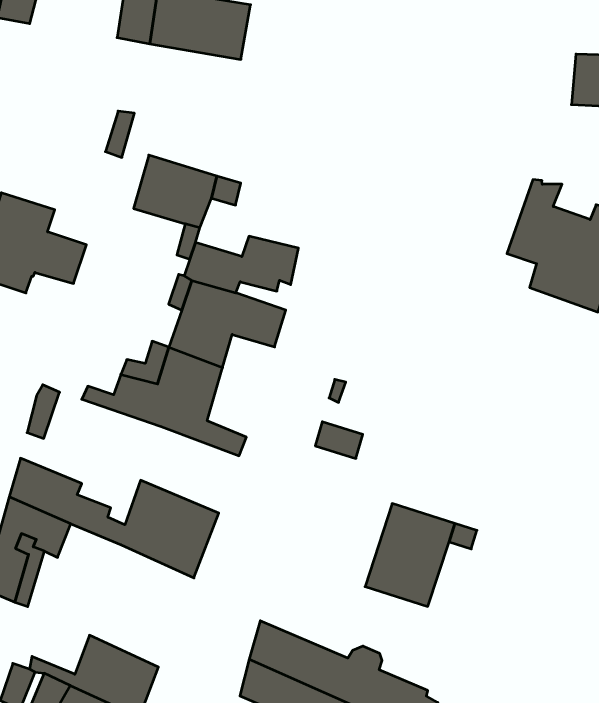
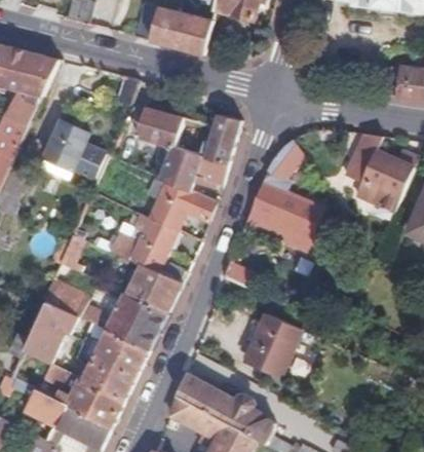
building: none -> [202,119,237,164]
building: none -> [247,139,325,244]
building: none -> [122,260,180,312]
building: none -> [85,326,148,398]

